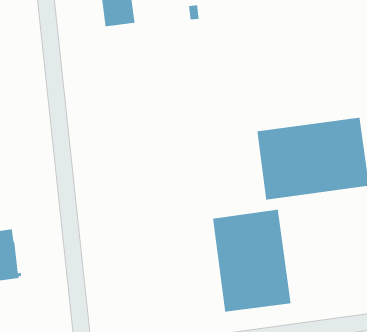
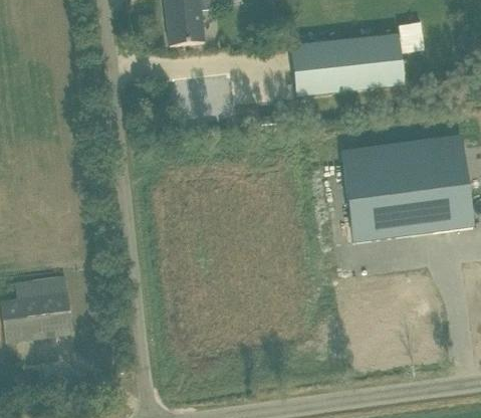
building: none -> [290,32,404,94]
building: [212,209,291,312] -> none

